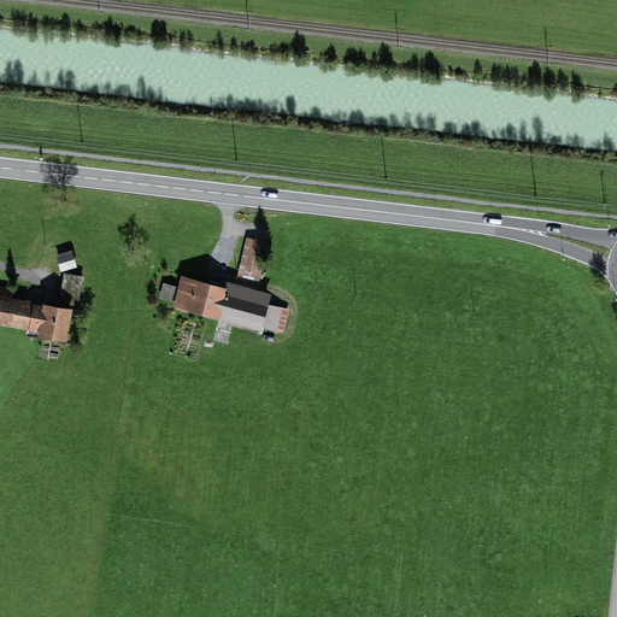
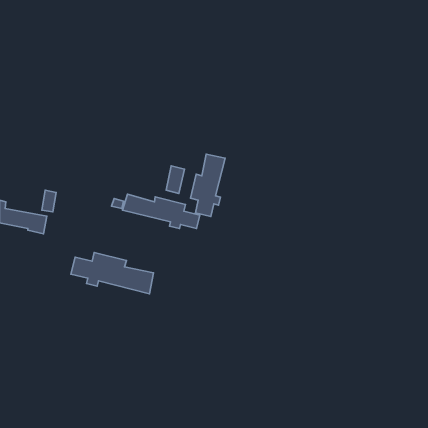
building: none -> [190,154,225,217]
building: none -> [71,252,154,294]

